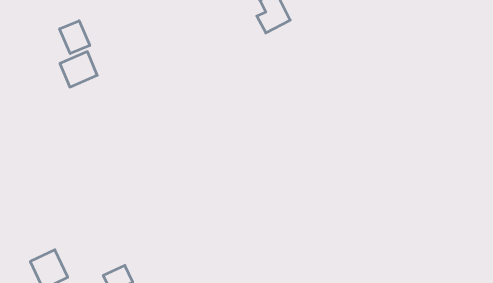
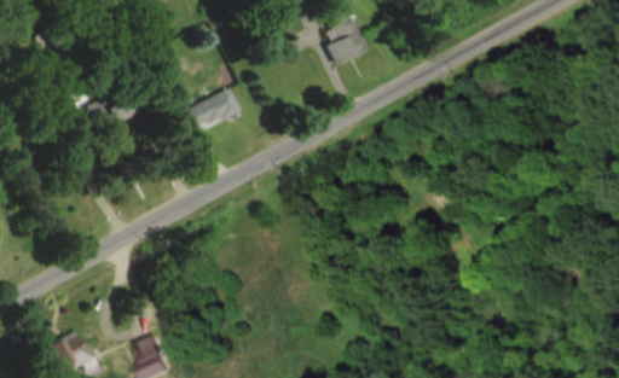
building: [60,21,90,54] -> none
building: none -> [181,87,239,132]

